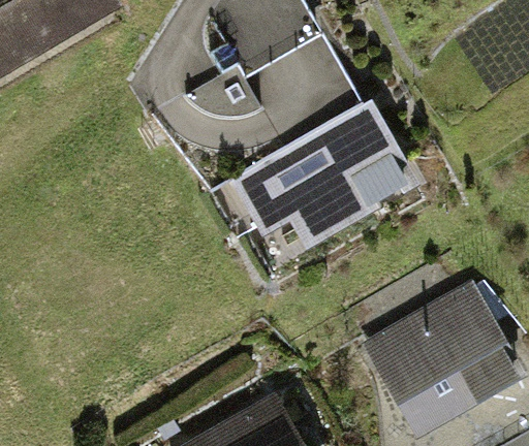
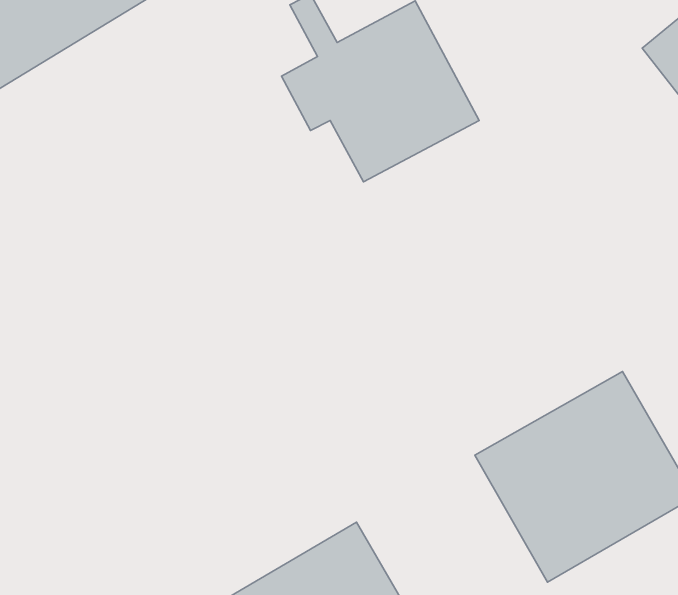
building: [217,103,412,272] -> none

